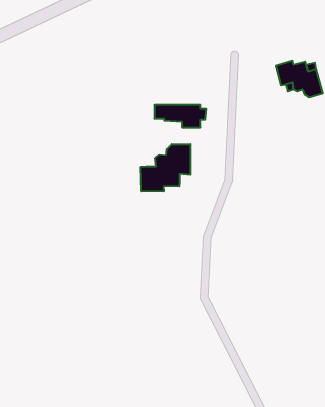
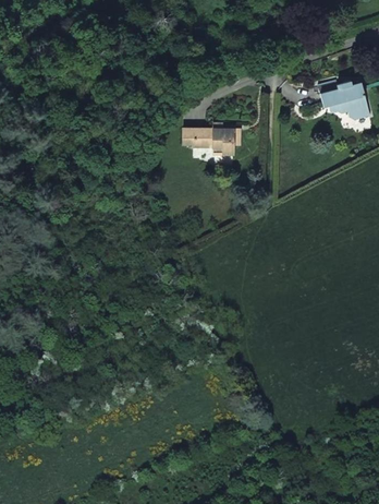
building: [141,144,190,191] -> none

